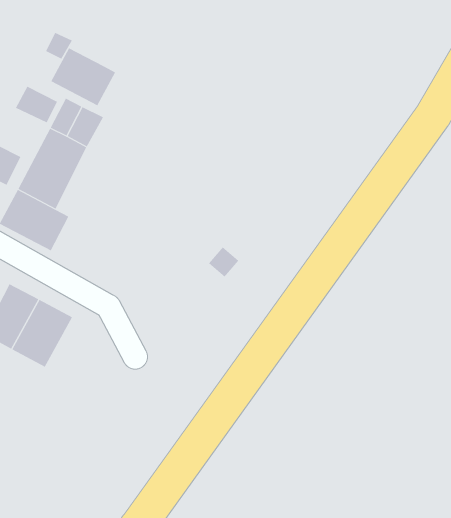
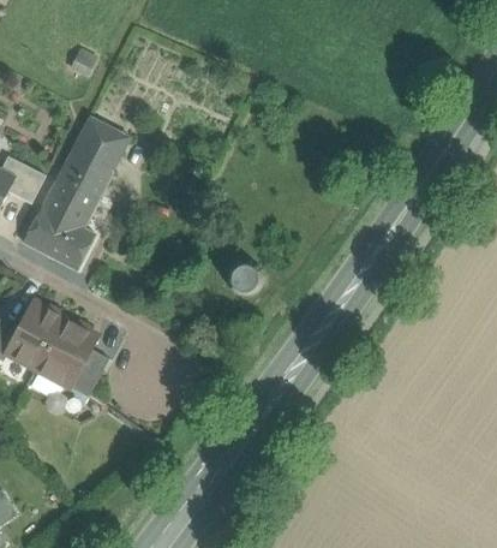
building: [51,48,116,106] -> none
building: [15,86,58,123] -> none
building: none -> [70,349,109,397]

